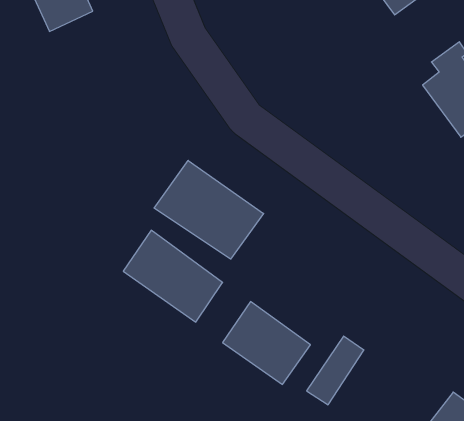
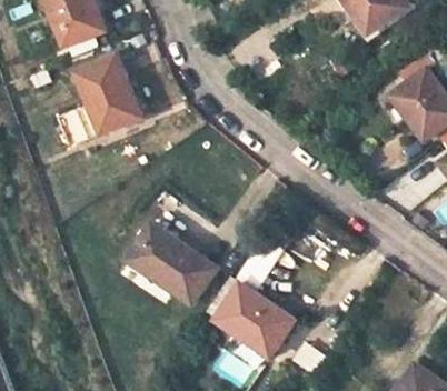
building: none -> [76,59,140,132]
building: [154,160,264,259] -> none

